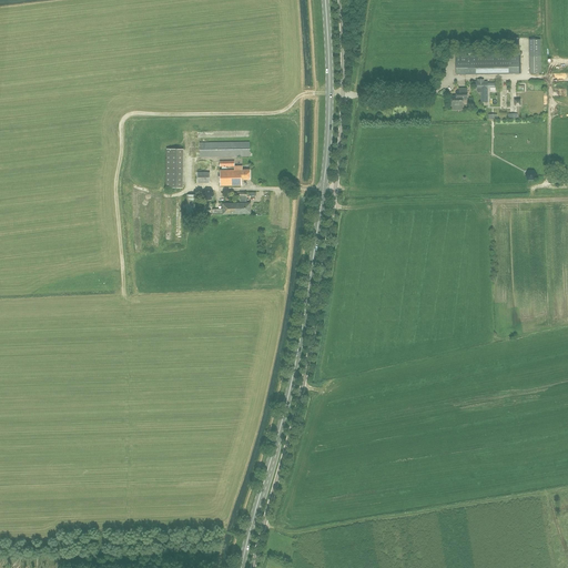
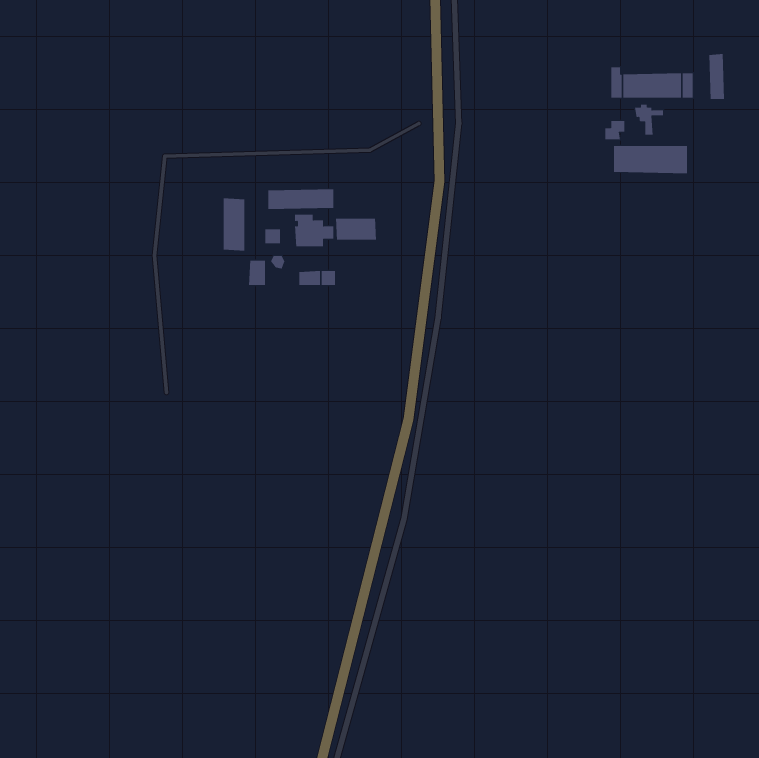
building: none -> [613,145,687,174]
building: none -> [335,218,377,240]

